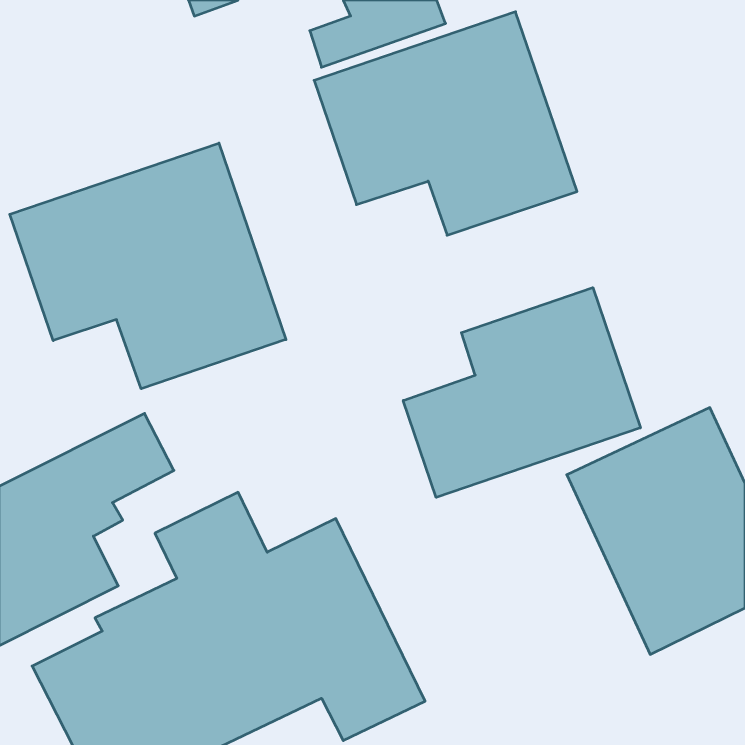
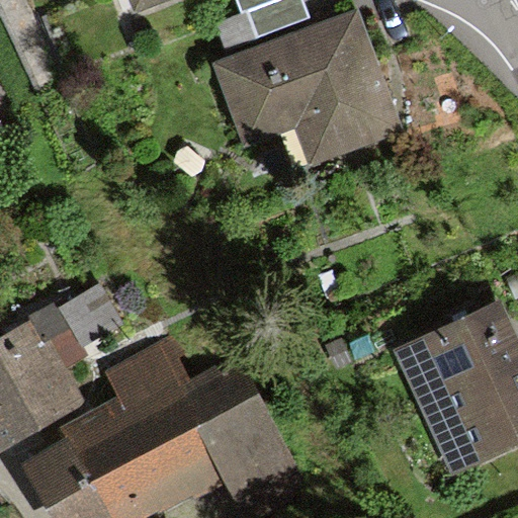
building: [10,143,286,389] -> none
building: [403,288,640,497] -> none

